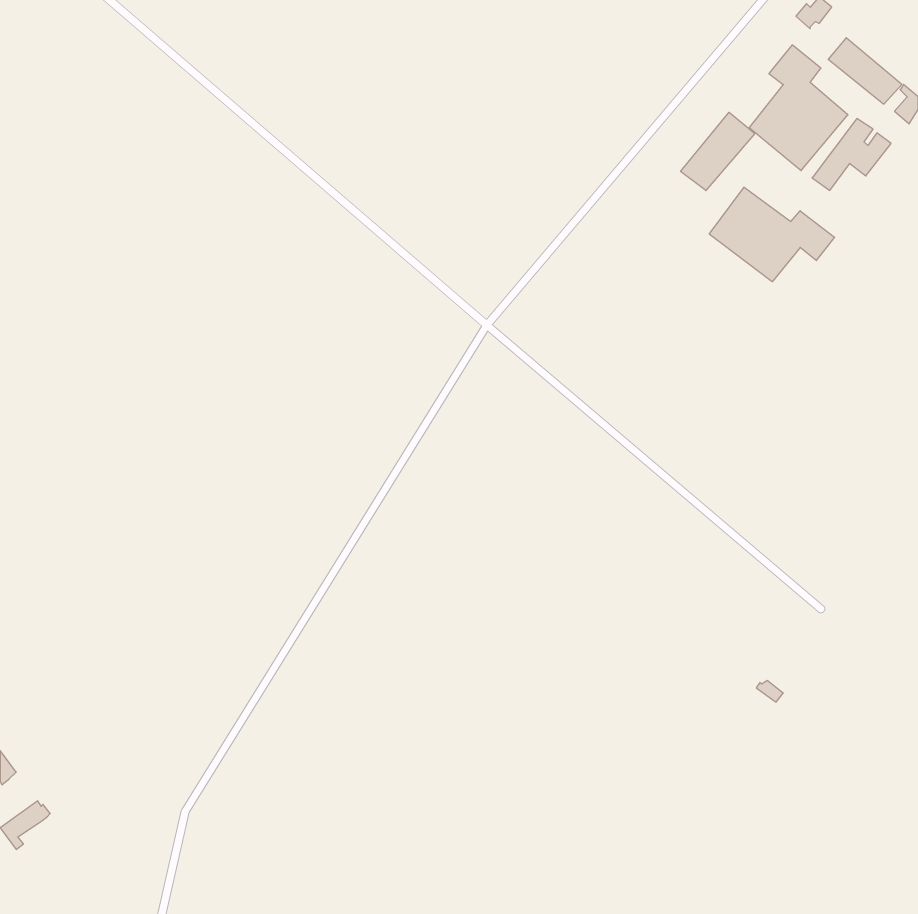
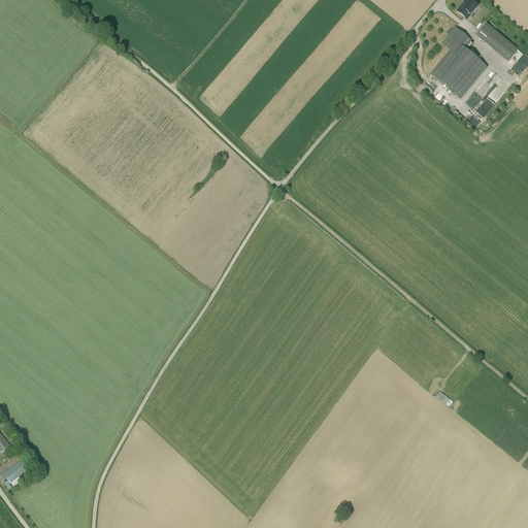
building: [681,112,755,191] -> none
building: [709,187,835,282] -> none

